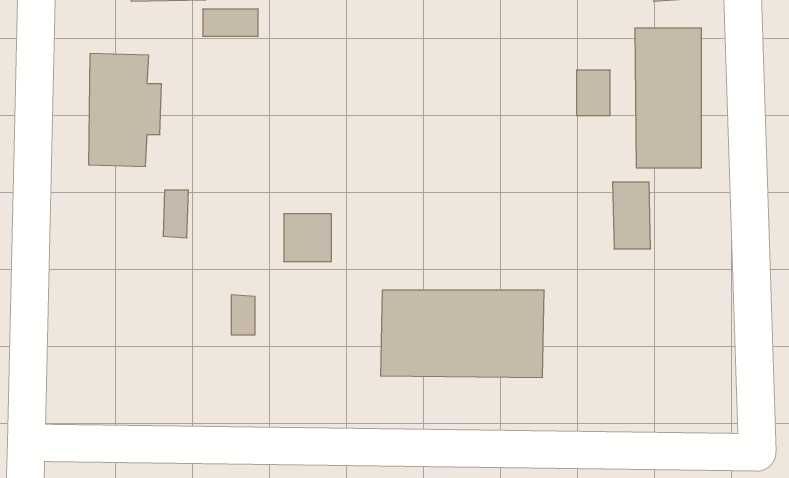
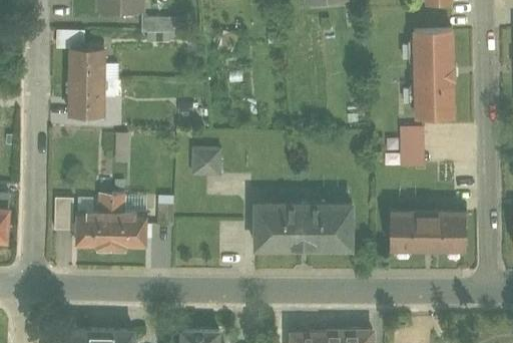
building: [577,70,610,116] -> none
building: none -> [52,192,146,259]
building: none -> [389,207,467,256]

